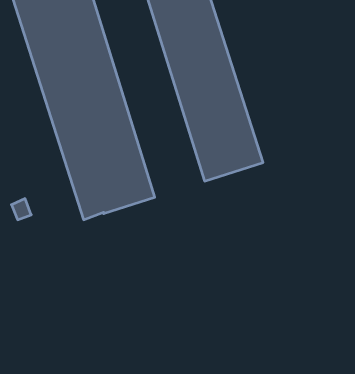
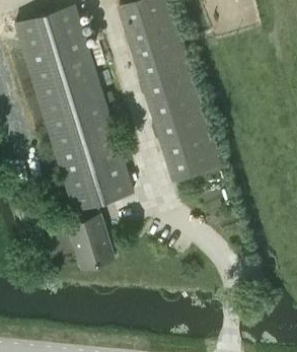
building: none -> [67,206,114,269]

